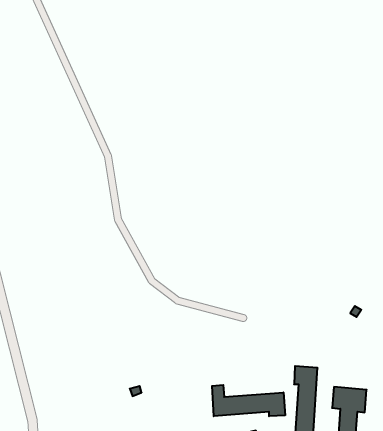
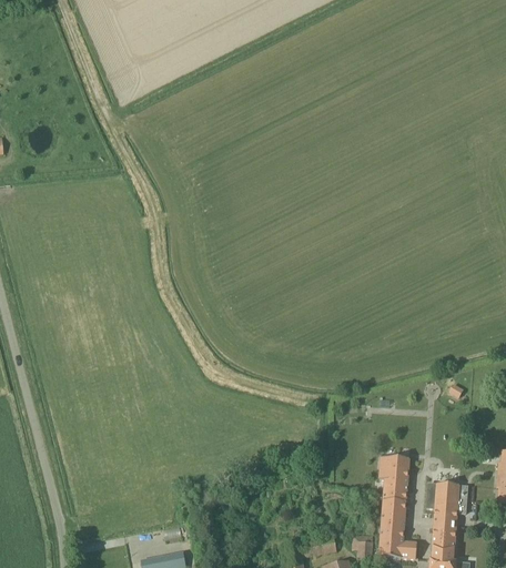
building: [212,385,285,416] -> none

